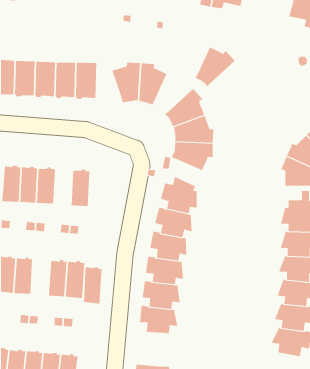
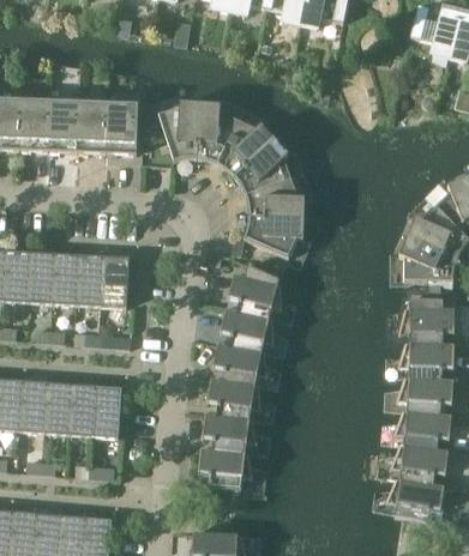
building: [195,46,235,87] -> [218,119,276,176]
building: none -> [78,253,104,306]
building: [83,267,103,304] -> [46,381,73,434]

